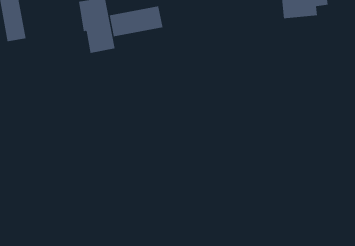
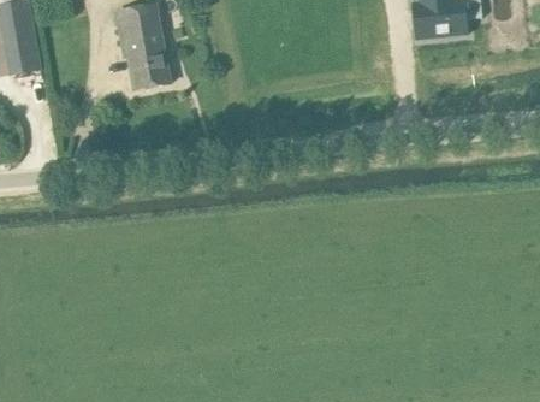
building: [109,5,163,37] -> none

